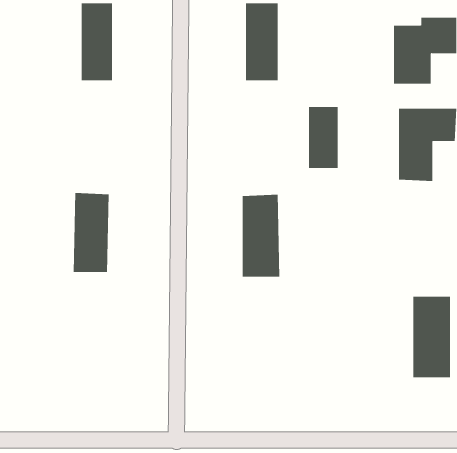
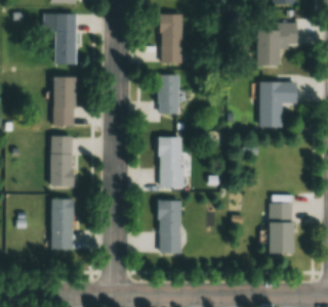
building: none -> [54,76,77,125]
building: [308,106,338,169] -> [161,74,180,114]
building: none -> [52,199,74,249]
building: none -> [160,201,182,254]

